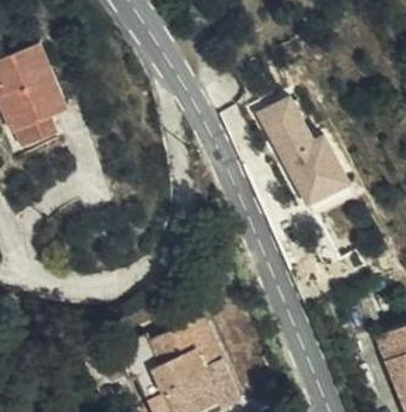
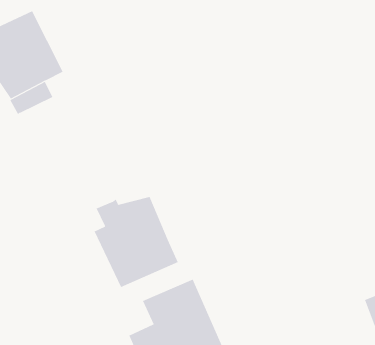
building: [257,94,353,209] -> none
building: none -> [94,196,178,288]

